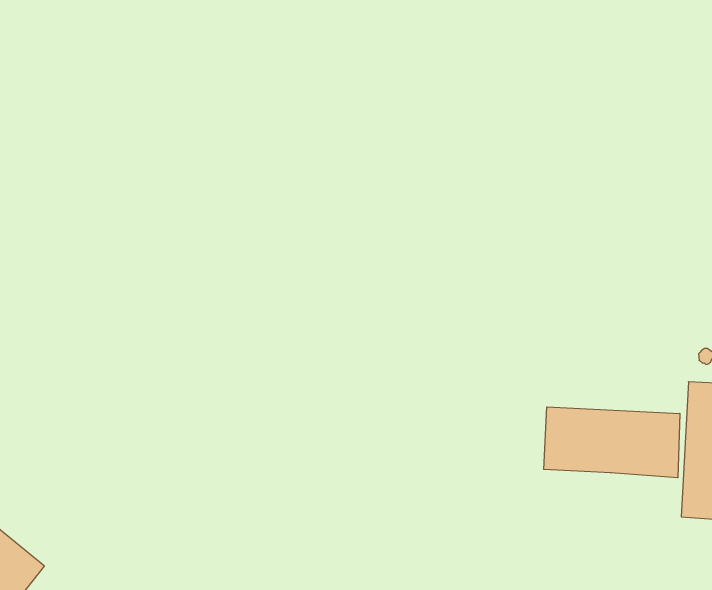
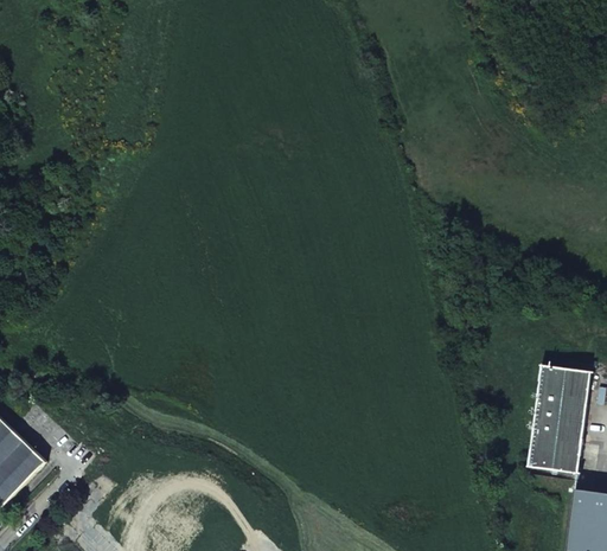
building: [544,407,680,478] -> none

